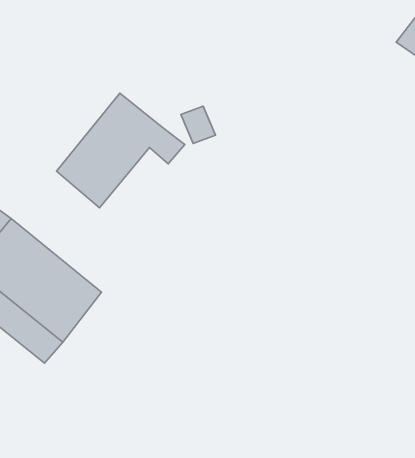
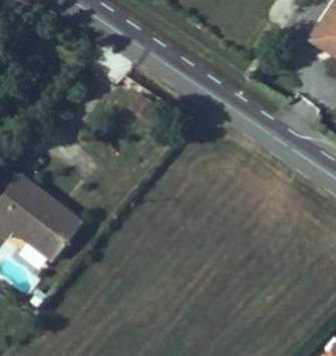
building: [56,93,185,208] -> none

